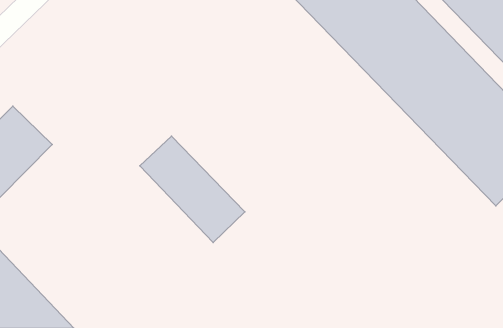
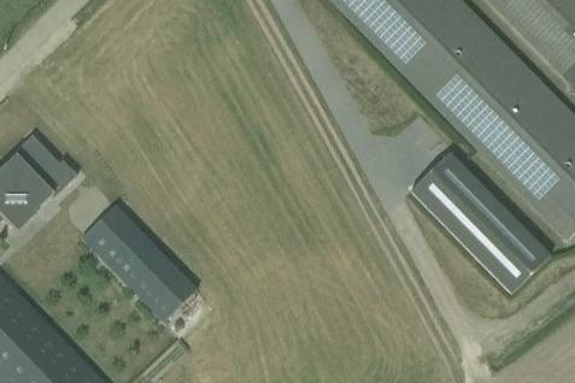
building: none -> [411,153,550,294]
building: [140,136,245,243] -> [81,205,196,322]

